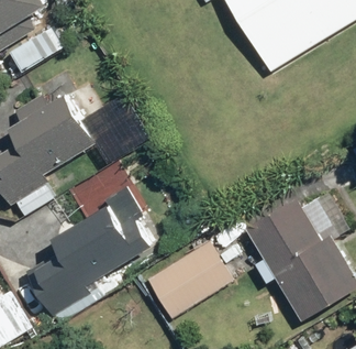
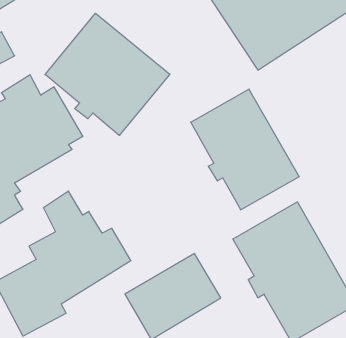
building: none -> [45,13,170,135]
building: none -> [191,89,299,210]

